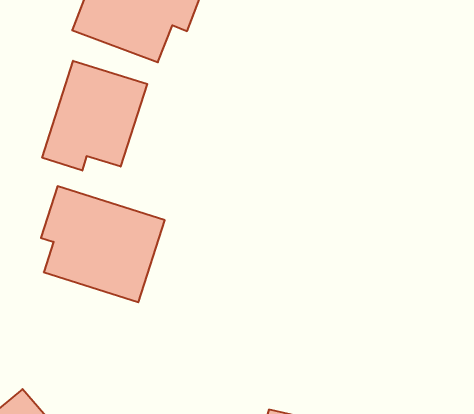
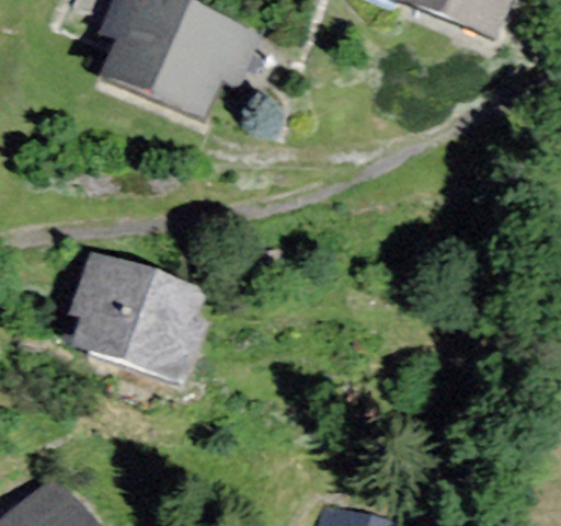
building: [42,61,147,171] -> none

